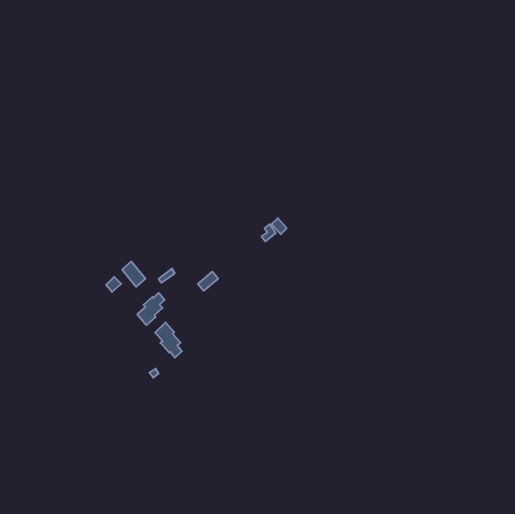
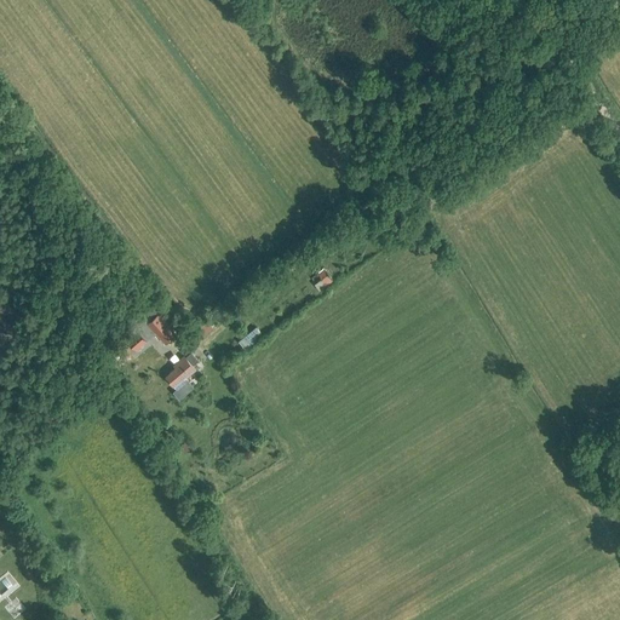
building: [155,322,182,358] -> none

